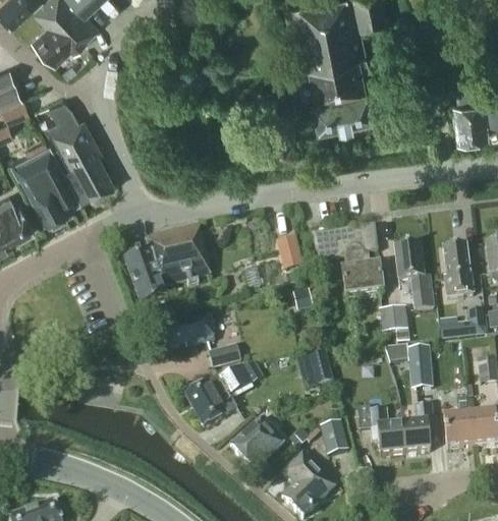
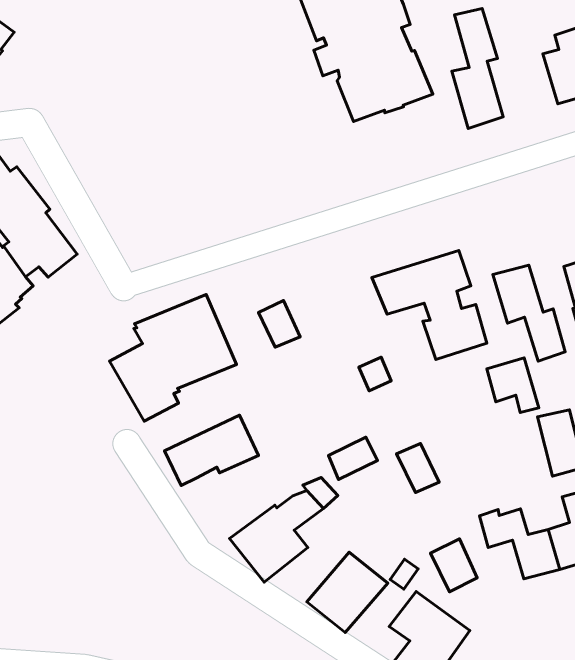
building: none -> [452,8,503,129]
building: [276,237,301,268] -> [258,301,300,347]
building: [208,342,240,367] -> [328,437,377,479]

